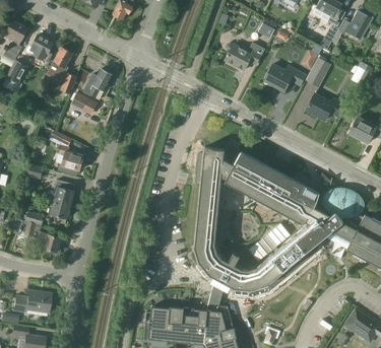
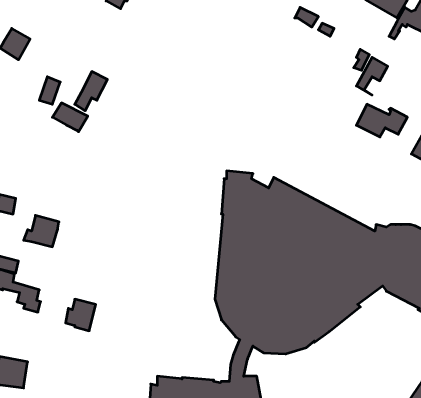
building: [225,44,264,69] -> none
building: [46,47,72,81] -> none
building: [263,63,307,91] -> none
building: [51,130,83,173] -> none
building: [47,200,70,224] -> [66,299,96,331]

